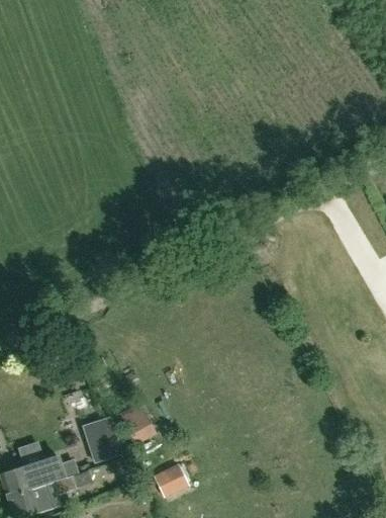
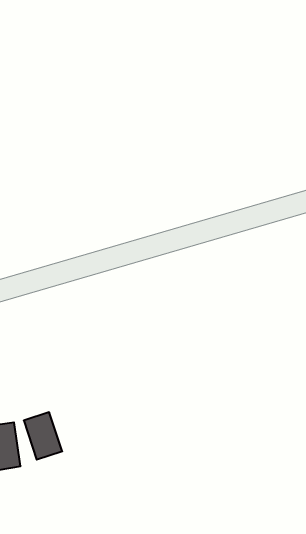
building: [155,463,189,497] -> none

